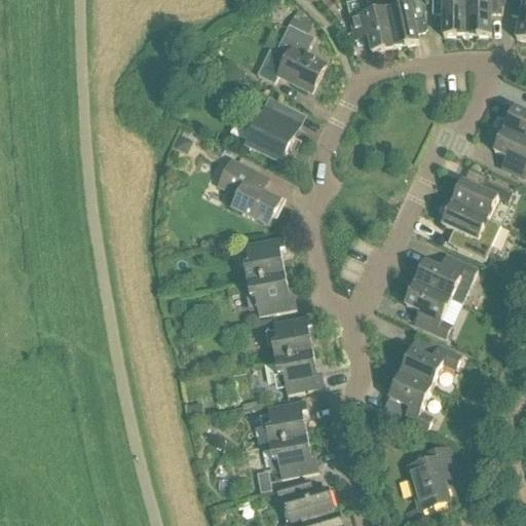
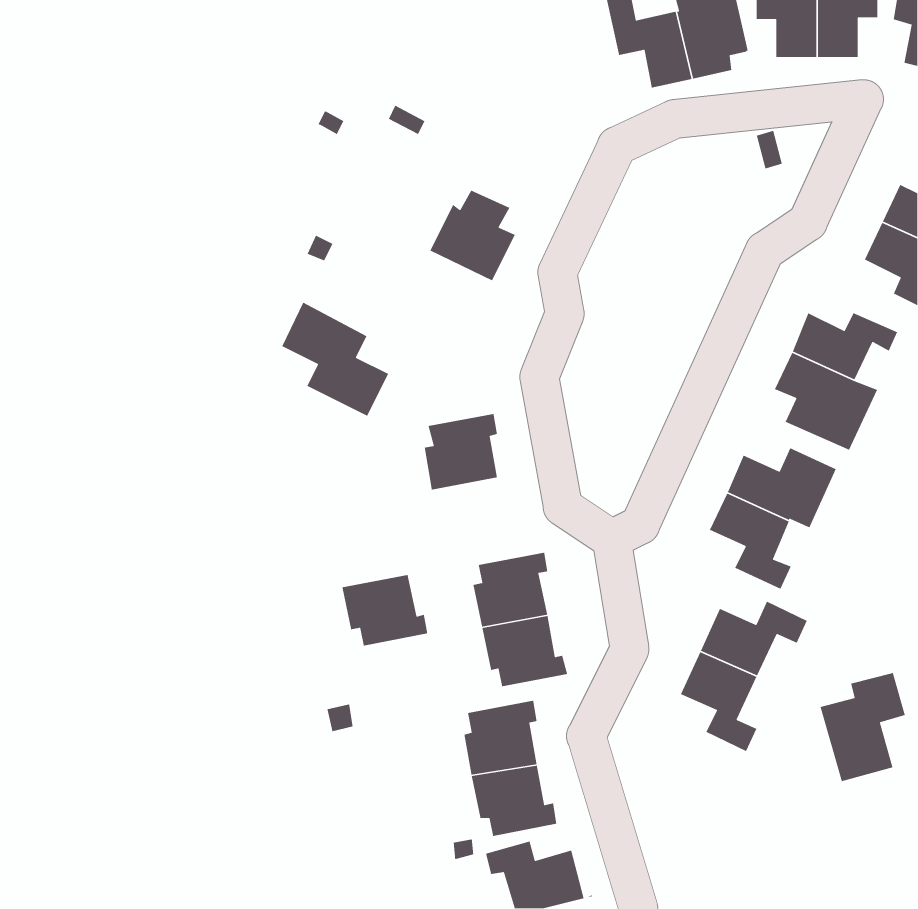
building: [257,22,325,89] -> none
building: [218,157,279,223] -> [281,301,389,417]
building: [246,272,295,313] -> [342,574,428,646]
building: [406,445,455,508] -> [819,672,906,782]

